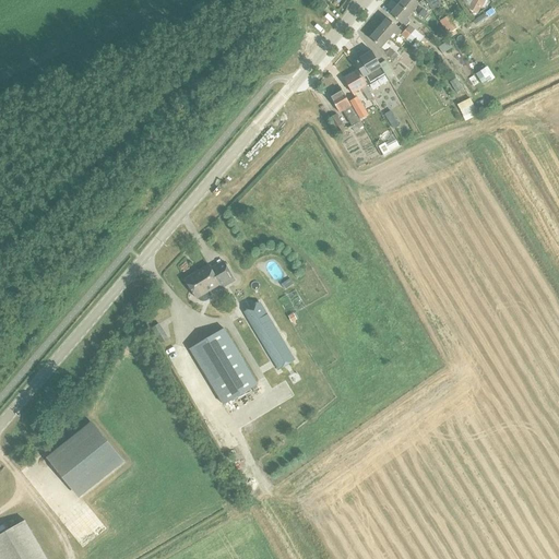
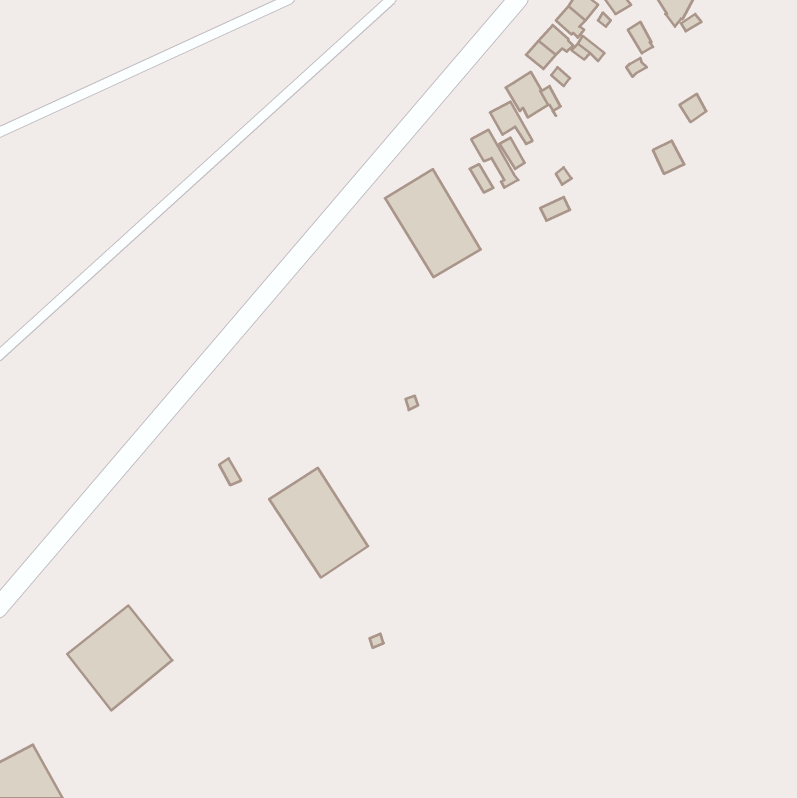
building: none -> [385,169,481,277]
building: [183,265,230,301] -> none
building: [243,301,295,368] -> none

